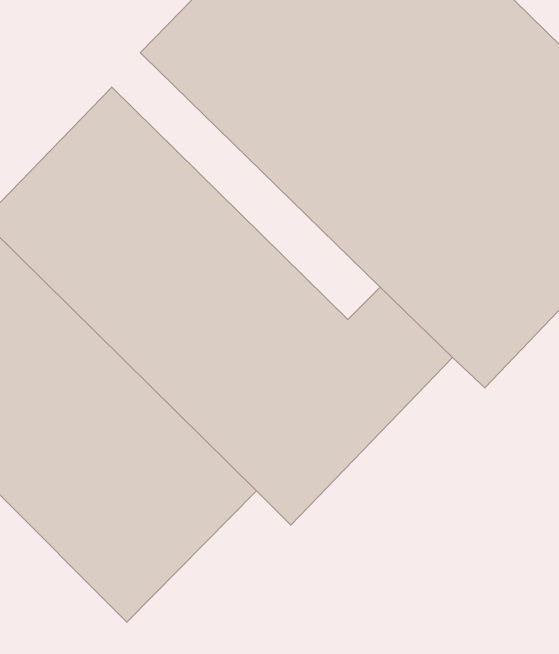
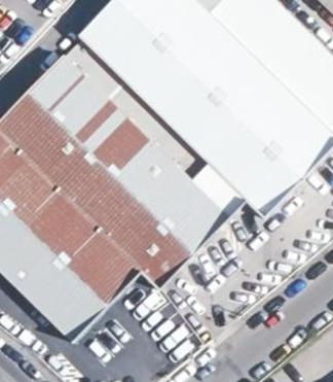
building: none -> [64,37,209,179]

